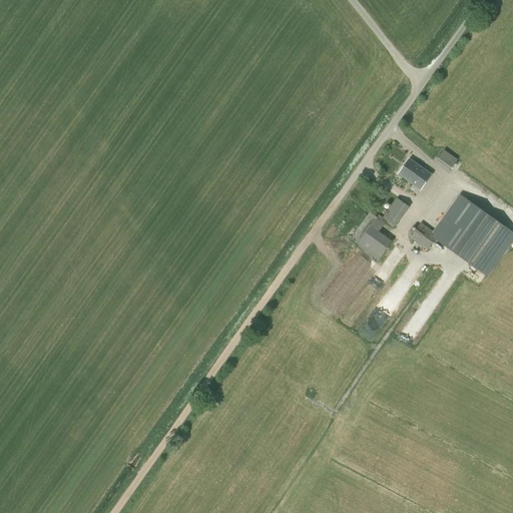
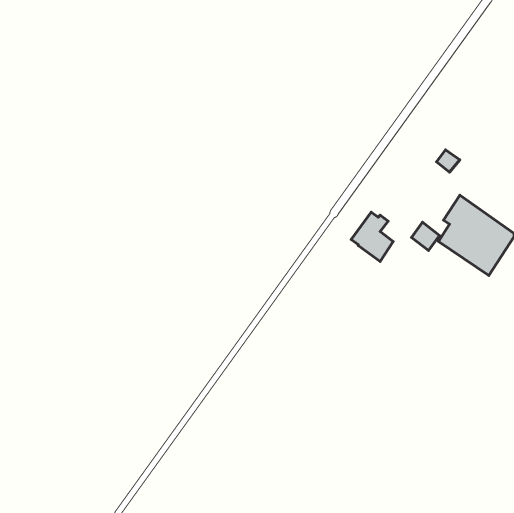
building: [398,157,432,189] -> none
building: [386,194,412,224] -> none

